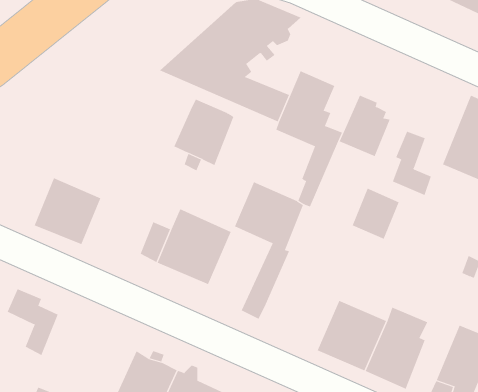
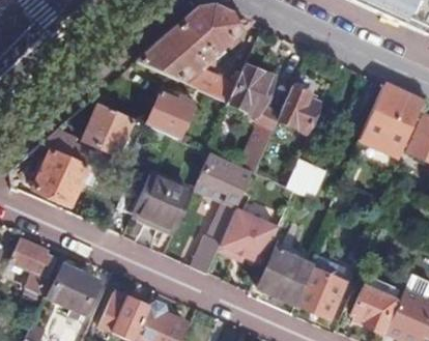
building: none -> [81,104,128,155]
building: [392,131,432,196] -> none
building: none -> [220,208,280,264]
building: none -> [50,263,96,313]

